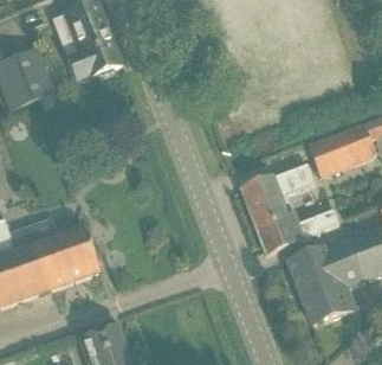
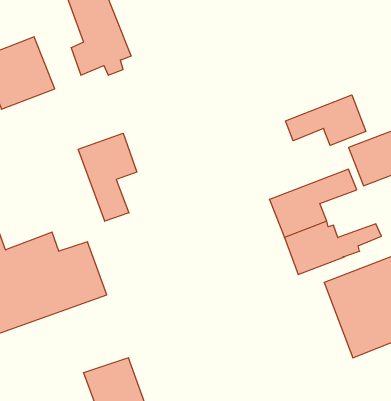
building: none -> [286,95,366,145]
building: none -> [78,133,137,221]

